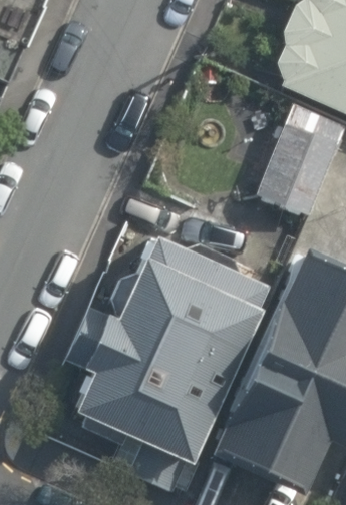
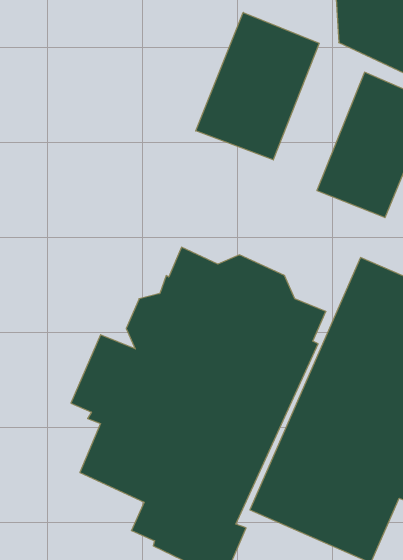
building: none -> [196,12,319,160]

